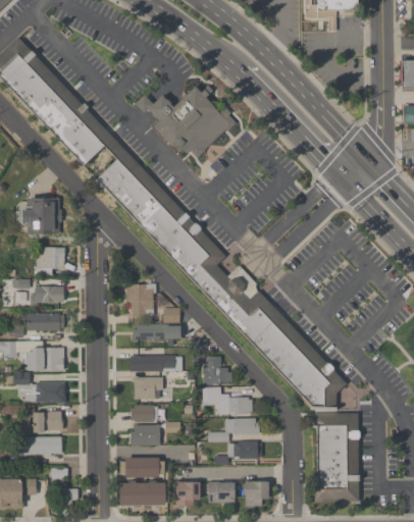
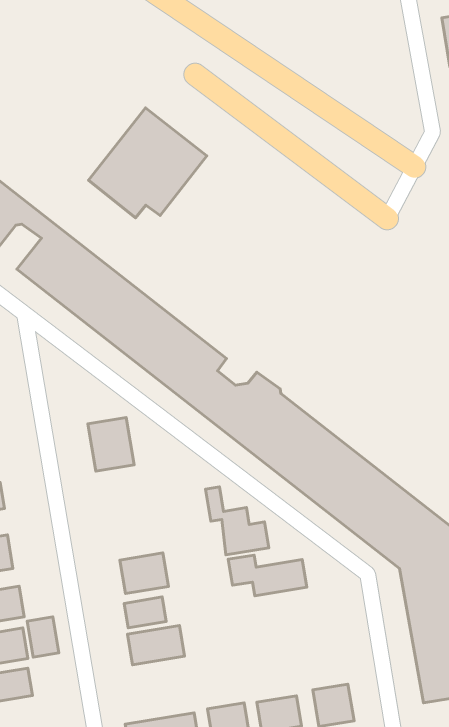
building: [134,309,180,341] -> none
building: [131,354,175,371] -> none
building: none -> [27,617,59,657]
building: [208,418,262,458] -> none
building: [121,457,161,477] -> none

